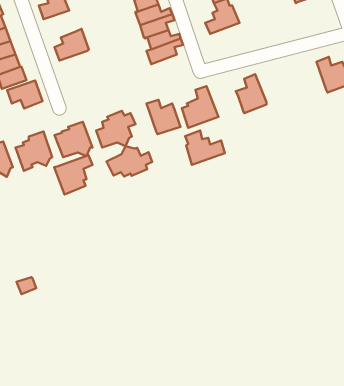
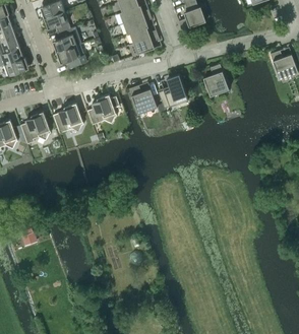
building: none -> [43,10,70,32]
building: [7,80,43,108] -> [56,44,85,67]
building: [185,131,225,165] -> none
building: [106,146,152,176] -> none
building: [54,155,93,195] -> none

